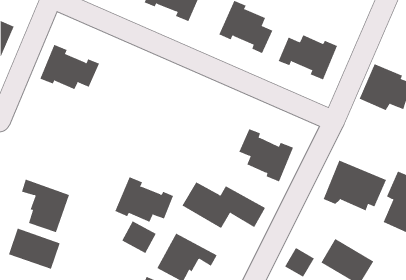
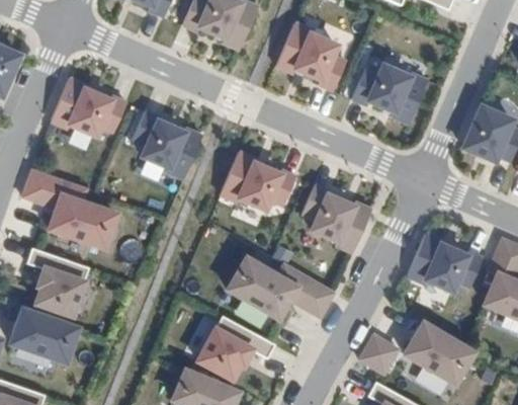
building: none -> [132,112,201,180]
building: none -> [22,172,115,249]
building: [115,177,174,222] -> [221,153,295,211]
building: [122,221,156,254] -> none

